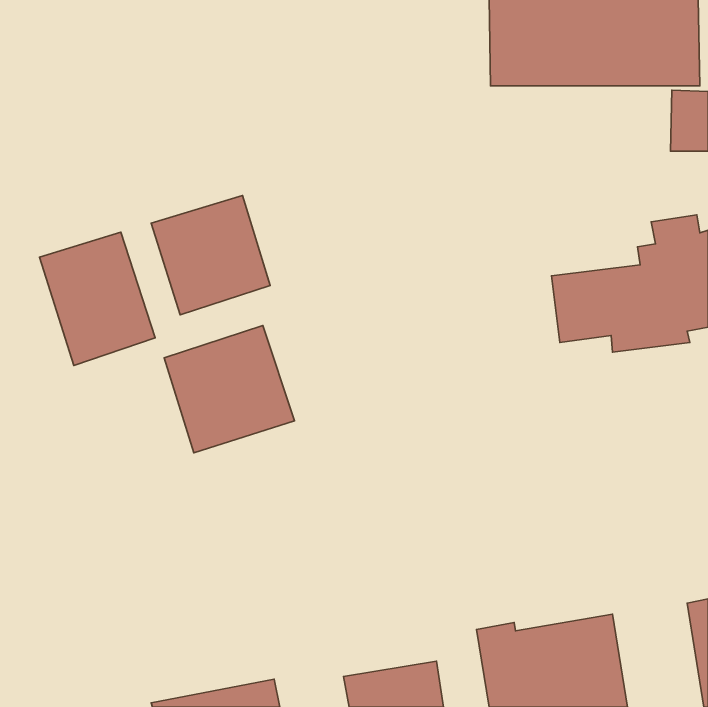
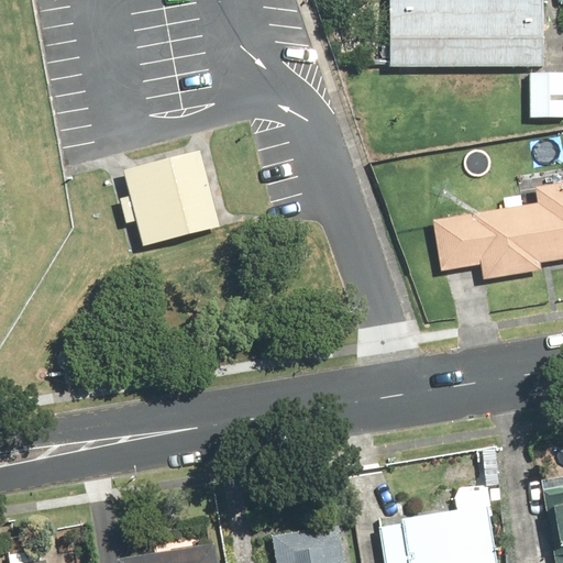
building: [40,232,155,365] -> none
building: [164,325,295,453] -> none

